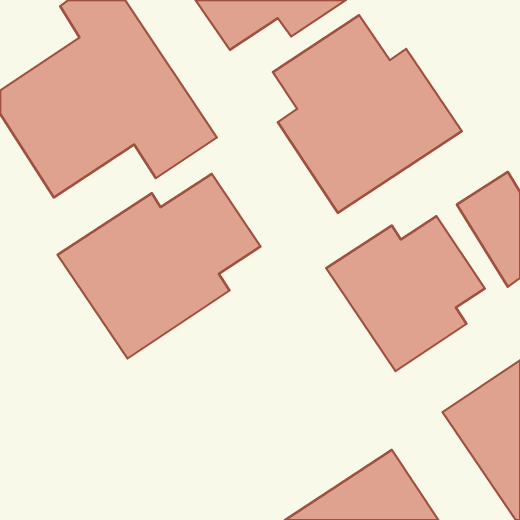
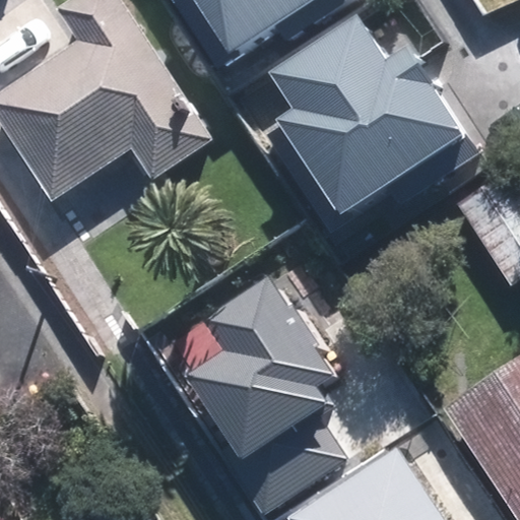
building: [58,174,260,358] -> none
building: [326,216,485,371] -> none
building: none -> [179,280,345,513]

